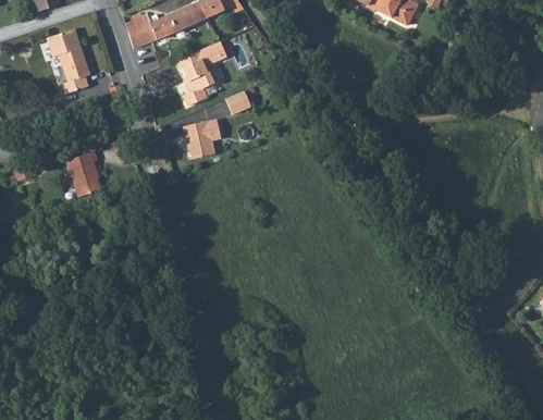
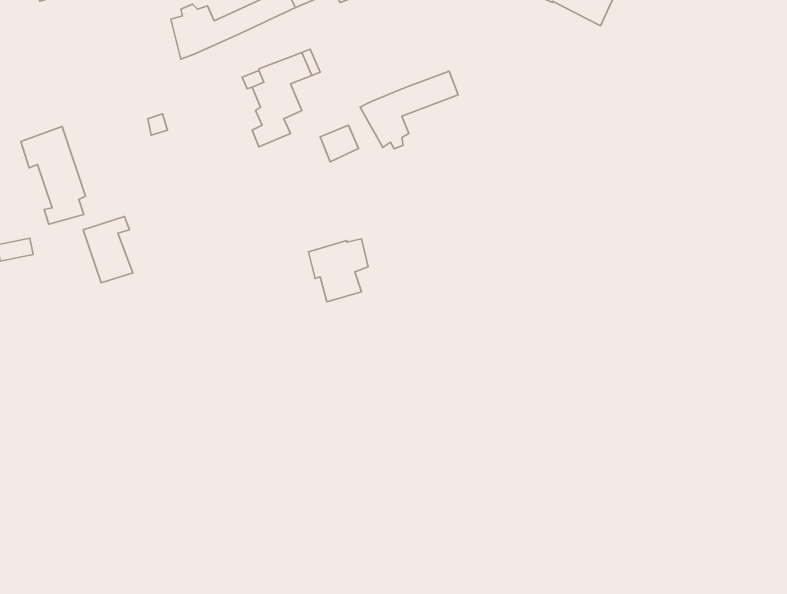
building: [48,30,90,95] -> [21,127,85,224]
building: none -> [360,71,458,149]
building: [180,118,219,159] -> [309,239,368,302]

